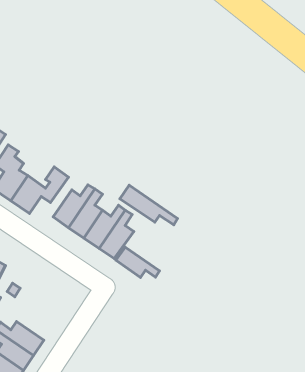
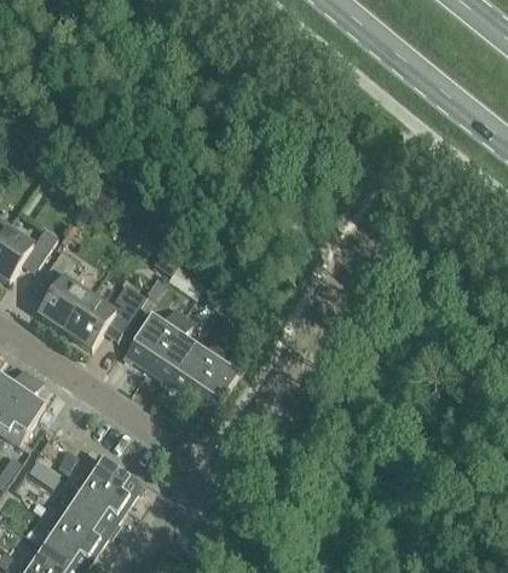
building: [120,185,178,225] -> none
building: [116,247,160,278] -> none
building: none -> [63,457,140,527]

